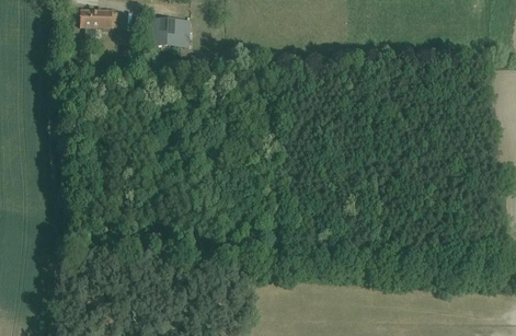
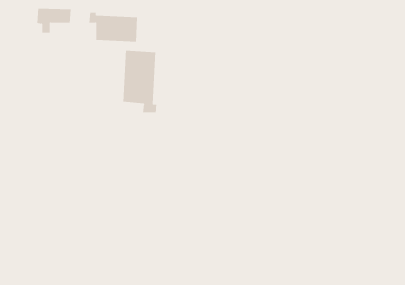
building: none -> [123,50,157,113]

